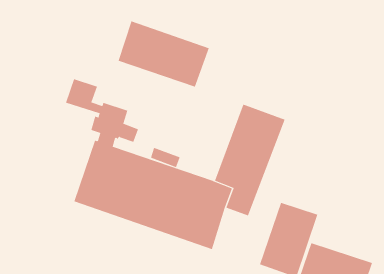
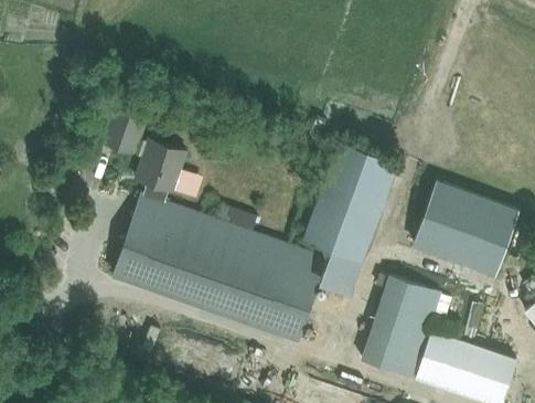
building: [118,21,209,88] -> none
building: none -> [413,181,518,274]

